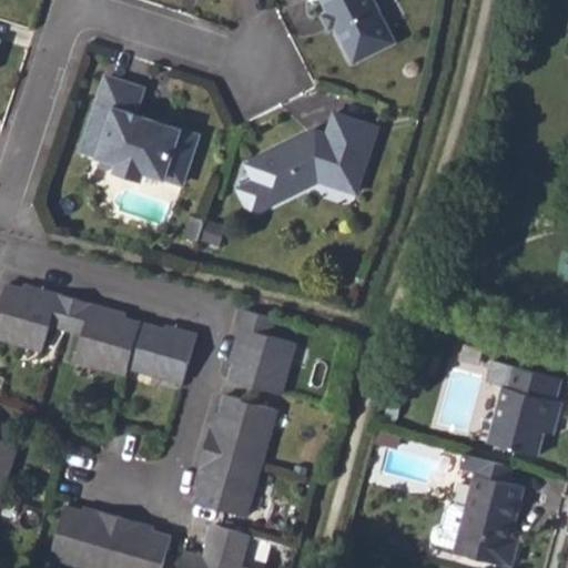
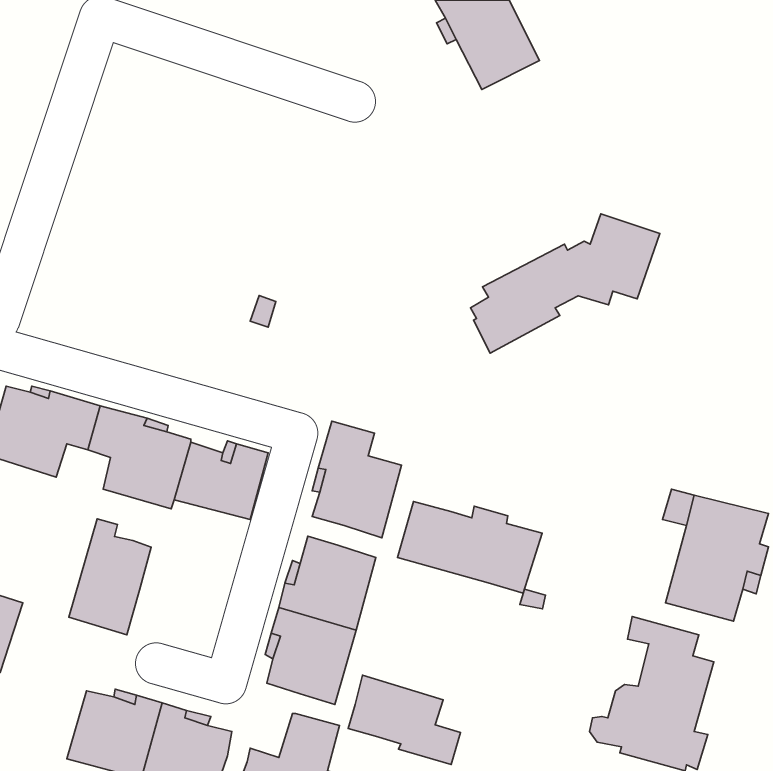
building: [81,78,196,185] -> none
building: [241,113,379,215] -> [470,214,660,353]
building: none -> [397,501,542,593]
building: none -> [69,519,151,635]
building: none -> [348,675,460,764]

